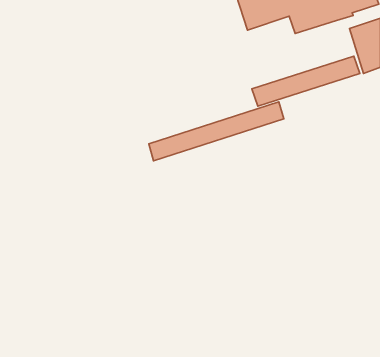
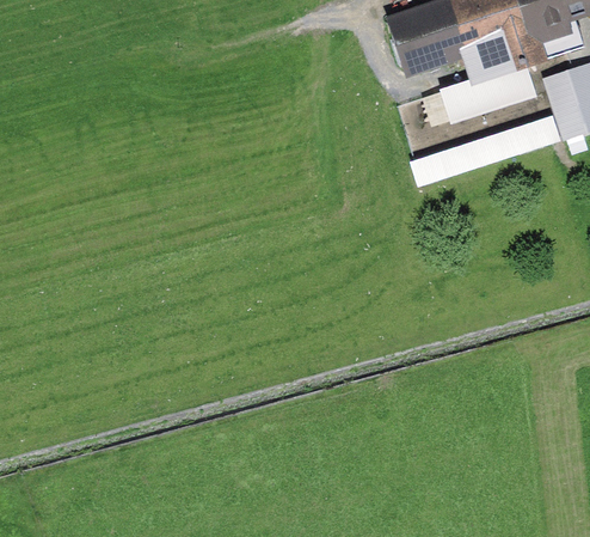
building: none -> [442,67,536,123]
building: [149,102,284,161] -> none

